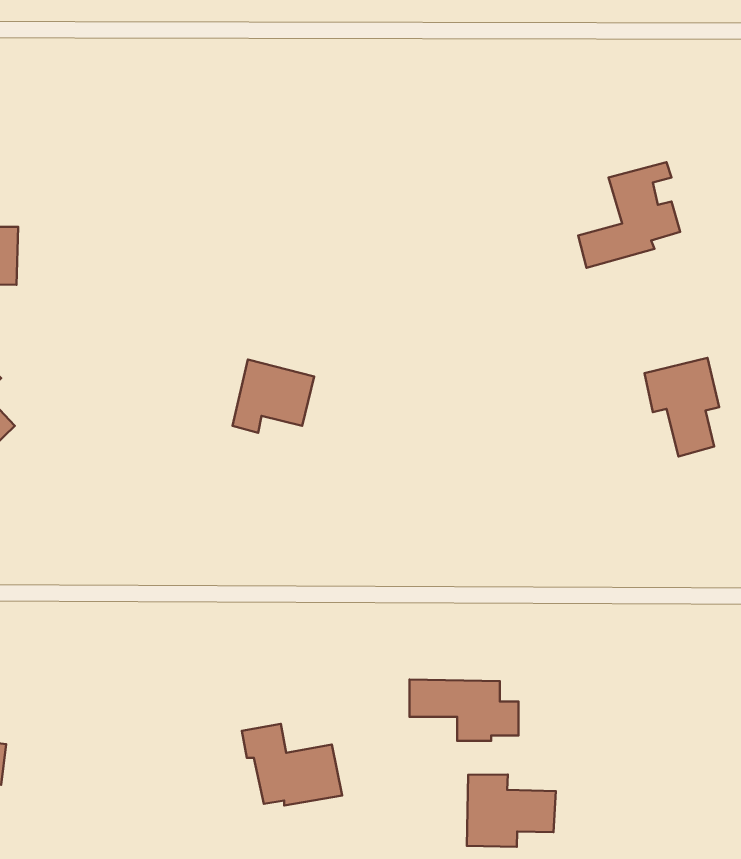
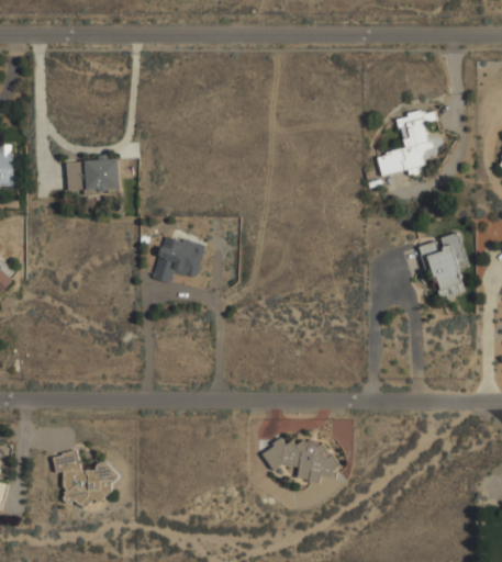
building: none -> [66,157,119,192]
building: [242,724,342,806] -> [52,450,116,503]
building: [467,775,556,847] -> none

